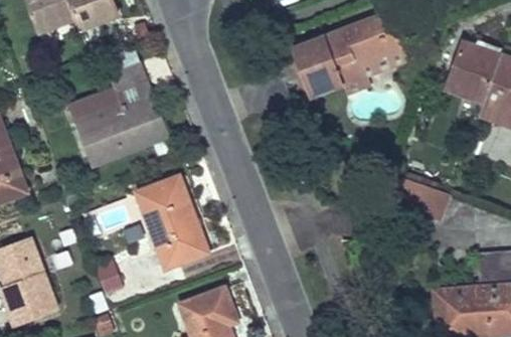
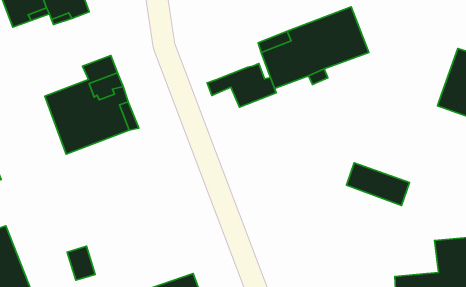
building: [446,41,500,102] -> none
building: none -> [207,64,276,107]
building: [138,175,208,267] -> none

